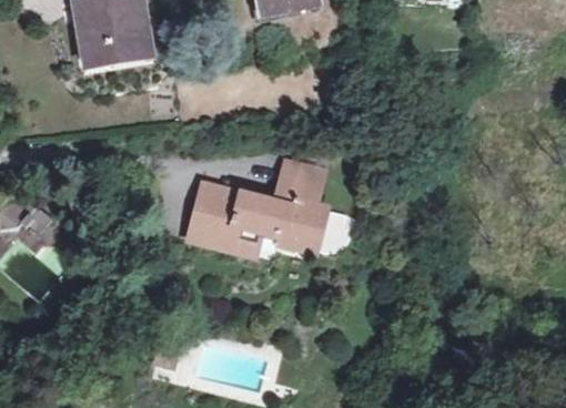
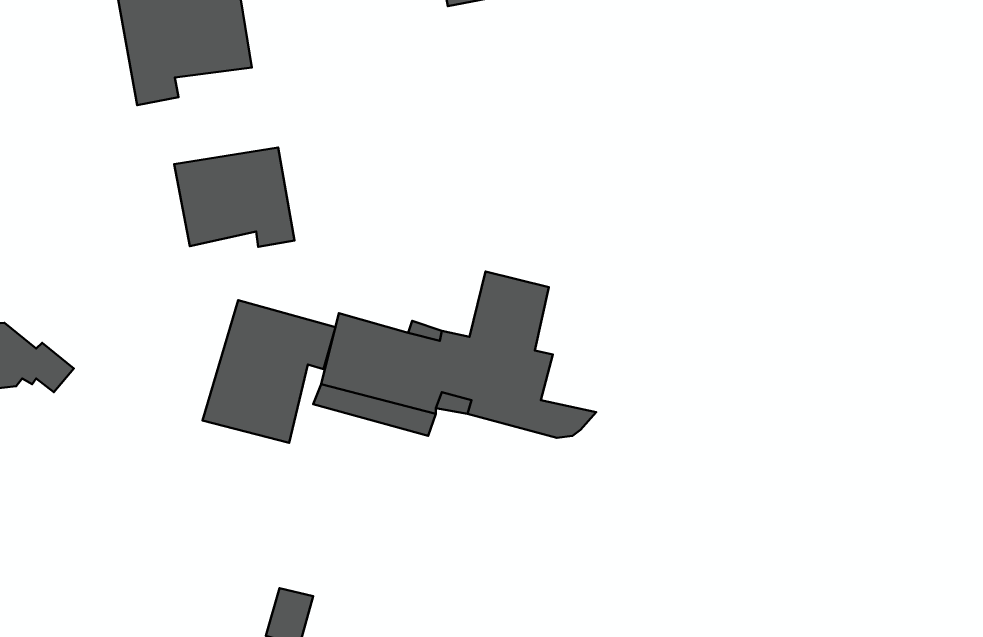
building: none -> [174,148,295,247]
building: none -> [203,300,335,443]

